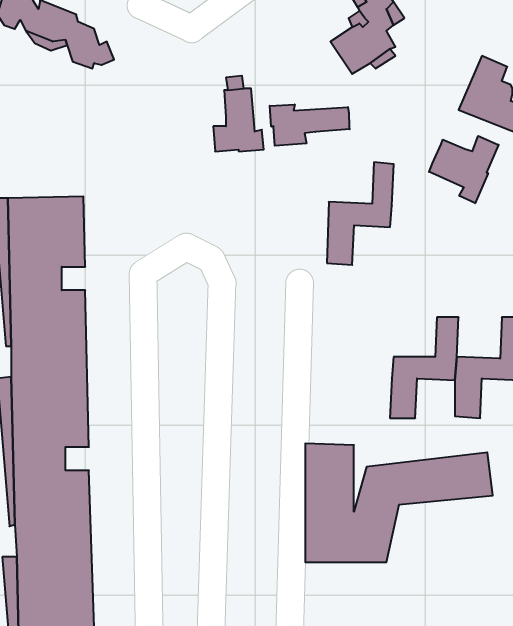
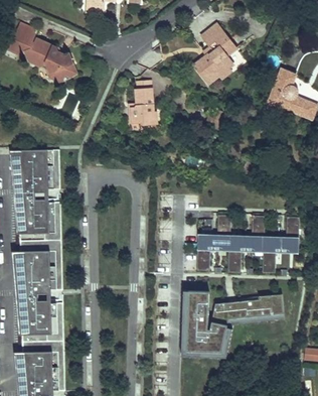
building: [270,104,350,146] -> none
building: [429,136,499,203] -> none
building: [327,162,394,265] -> [195,215,232,272]

